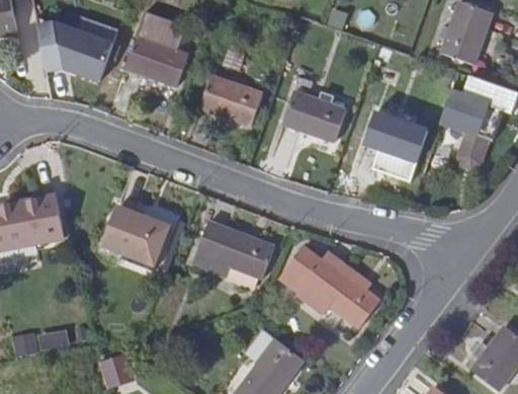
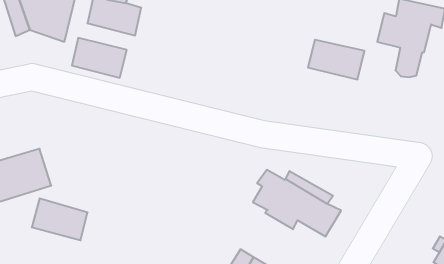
building: [199,77,261,126] -> [72,38,127,78]
building: [279,92,342,140] -> none
building: [102,207,165,257] -> [32,198,88,240]
building: [192,222,271,278] -> none

